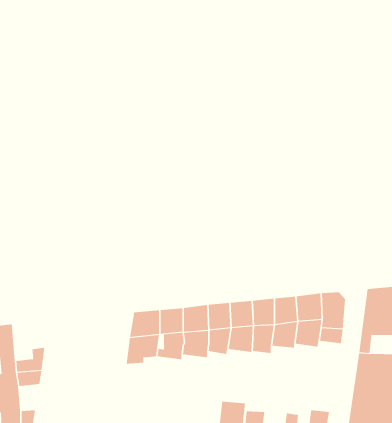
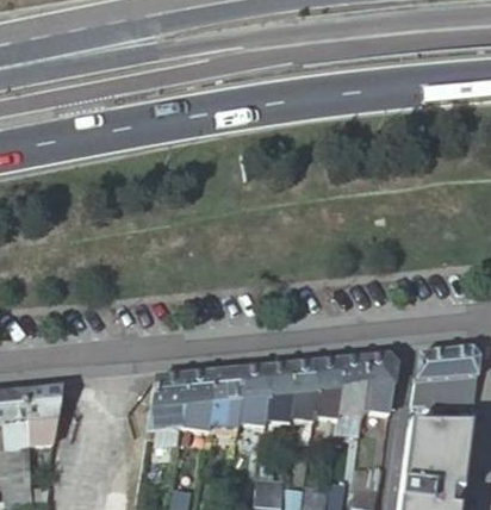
building: none -> [20,385,62,430]

